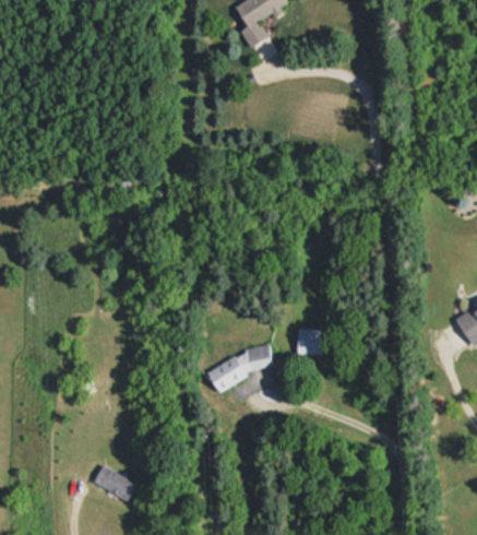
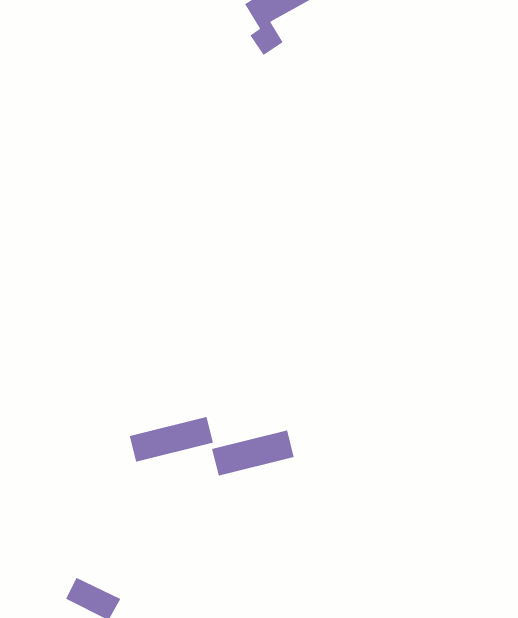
building: [297,330,322,355] -> none
building: none -> [129,416,214,463]

